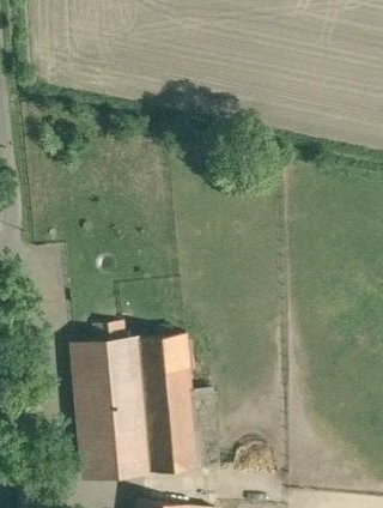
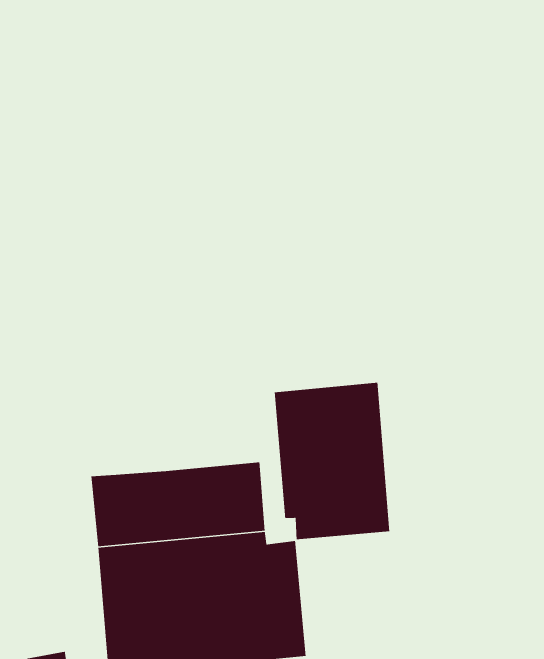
building: none -> [274,382,390,540]

